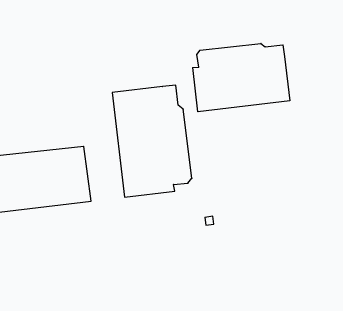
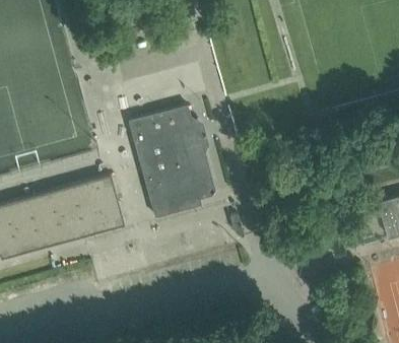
building: [193,43,290,112] -> none

